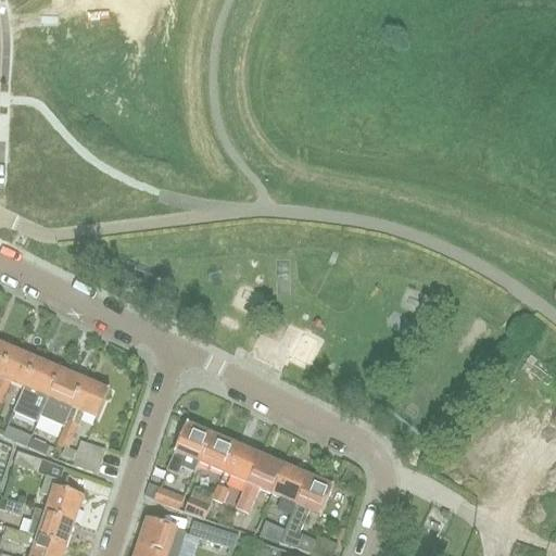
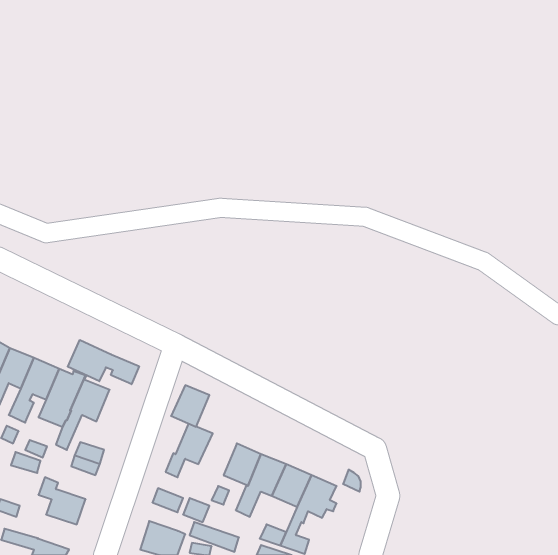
building: none -> [68,340,139,384]
building: [197,430,235,471] -> [171,385,209,427]
building: [30,506,76,545] -> none

